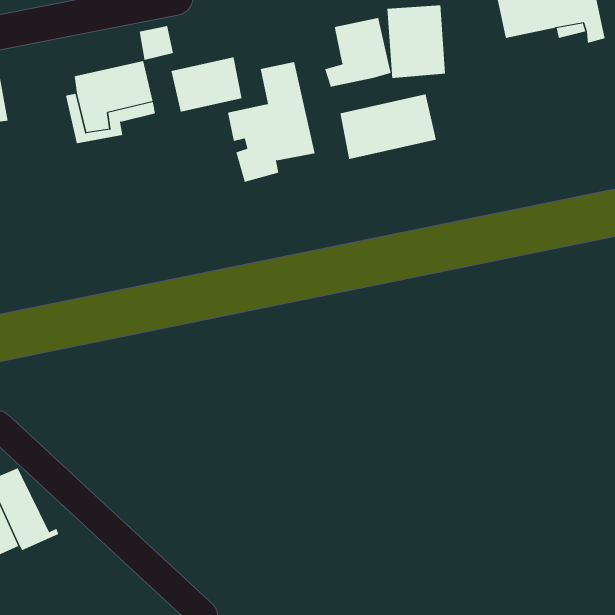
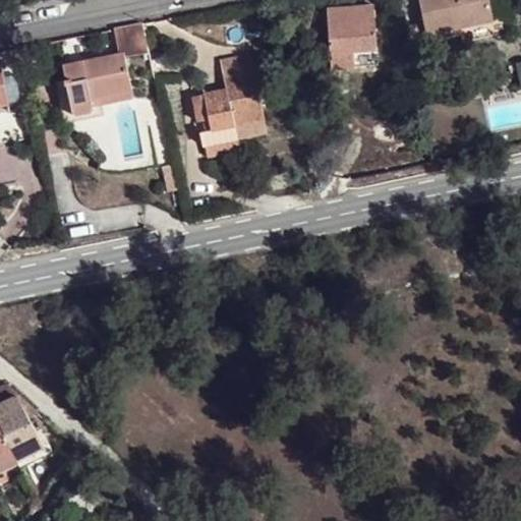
building: [324,17,391,88] -> none
building: [171,56,242,112] -> none
building: [340,94,436,160] -> none

